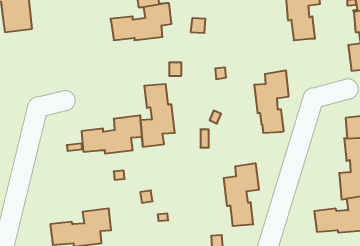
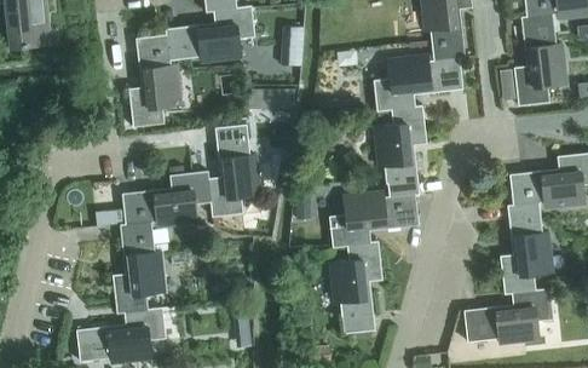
building: none -> [128,34,180,127]
building: none -> [373,56,462,111]
building: none -> [329,192,419,247]
building: none -> [113,222,163,314]

